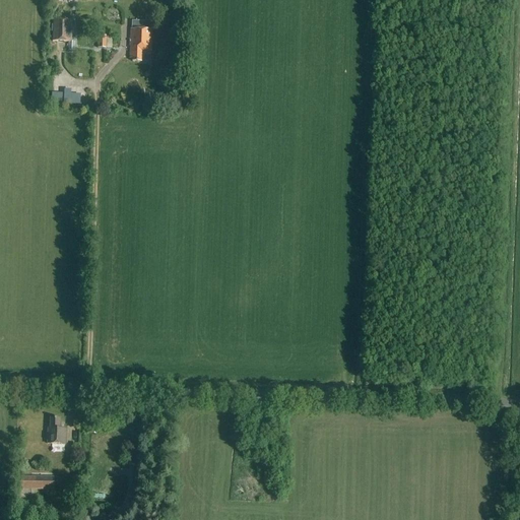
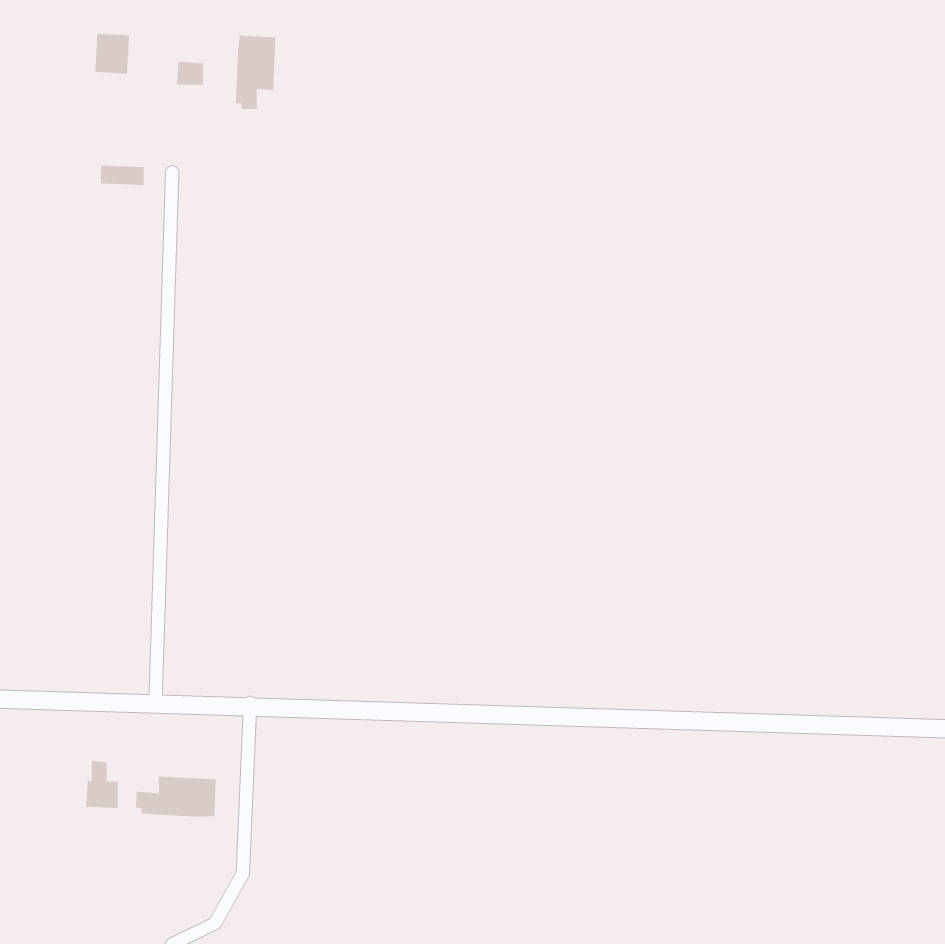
building: none -> [135,776,216,817]
building: [16,473,55,493] -> none

